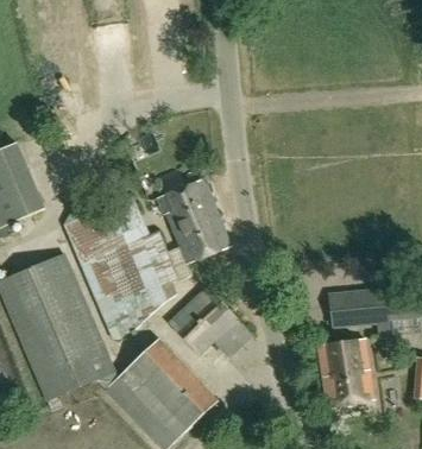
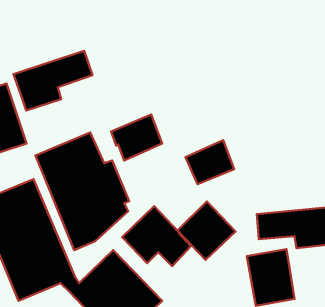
building: none -> [13,51,93,110]
building: [171,211,229,264] -> [185,140,234,184]
building: none -> [178,201,235,260]

